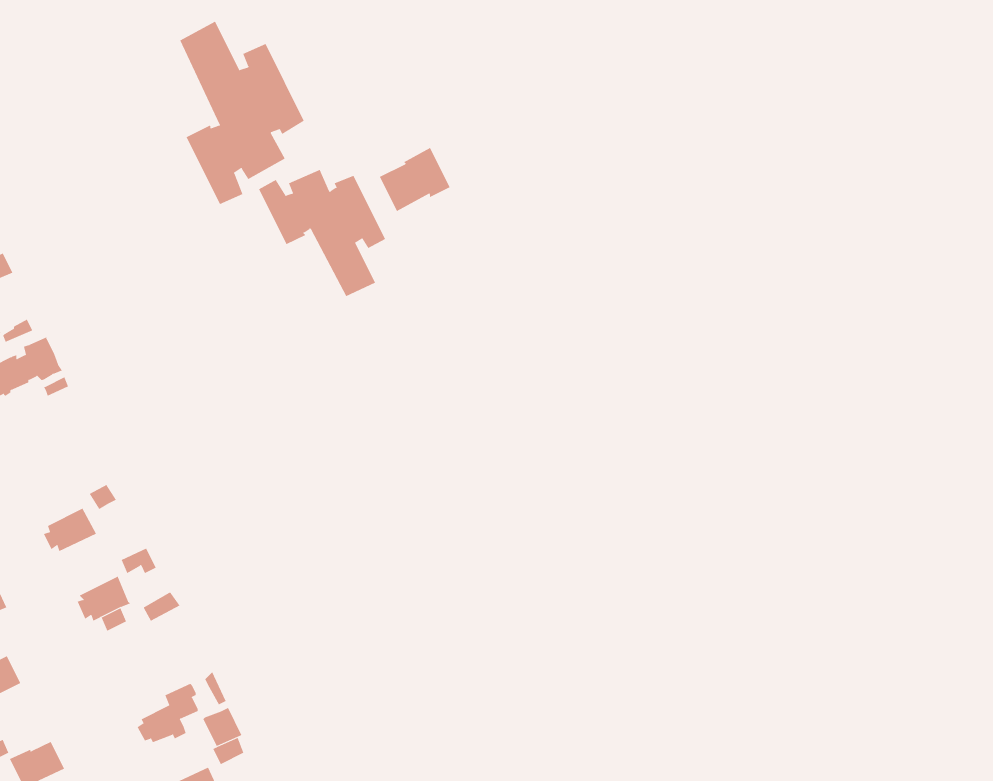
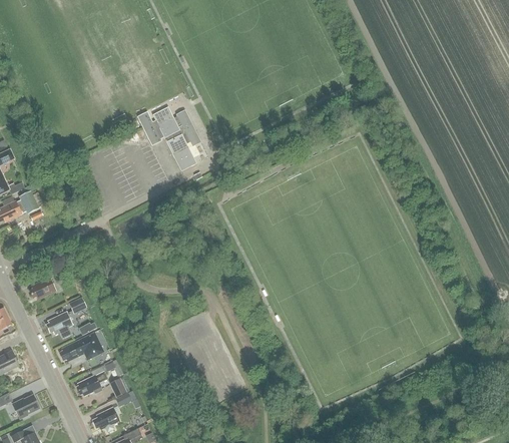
building: [179,21,305,205] -> none
building: [379,147,450,212] -> none
building: none -> [59,331,102,360]

